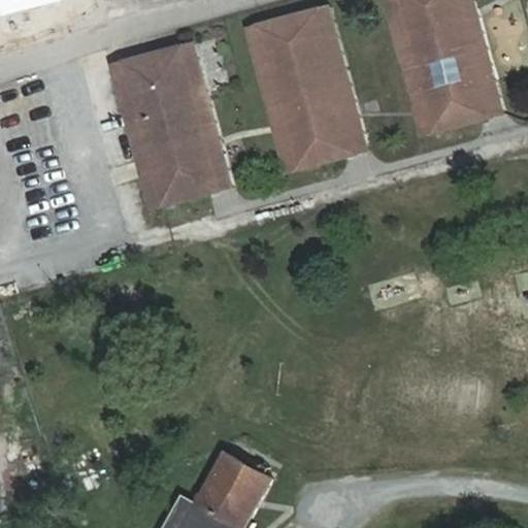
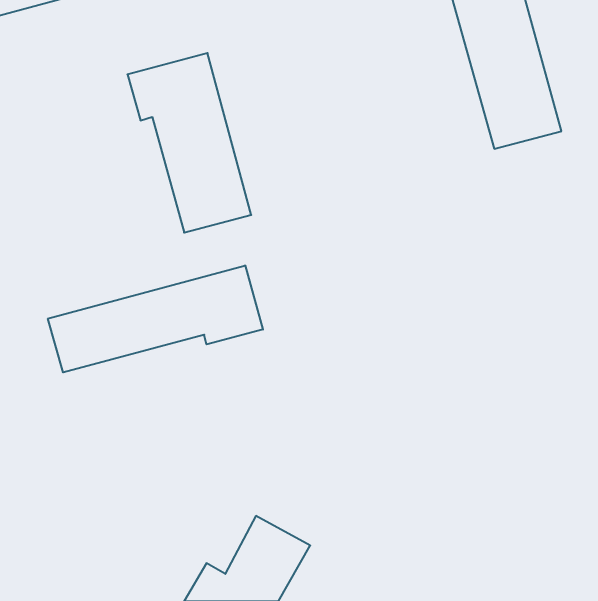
building: [258,9,356,167] -> none
building: none -> [48,265,263,372]

